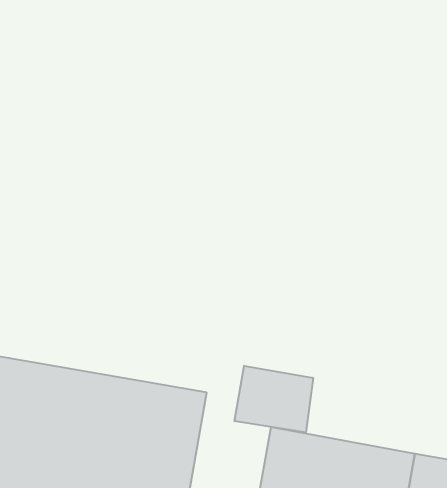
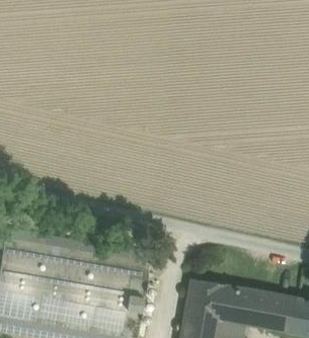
building: [235,366,313,433] -> none

